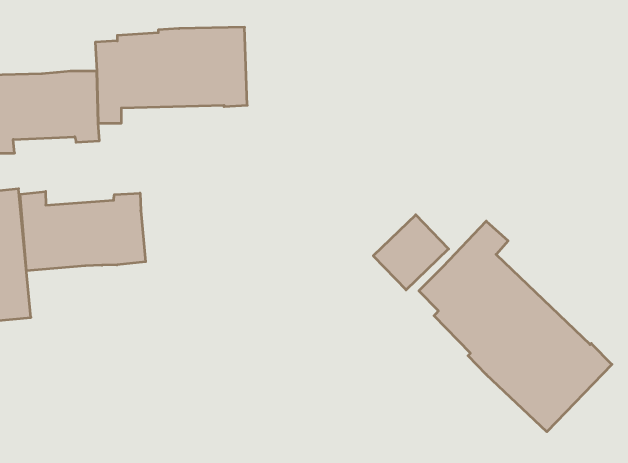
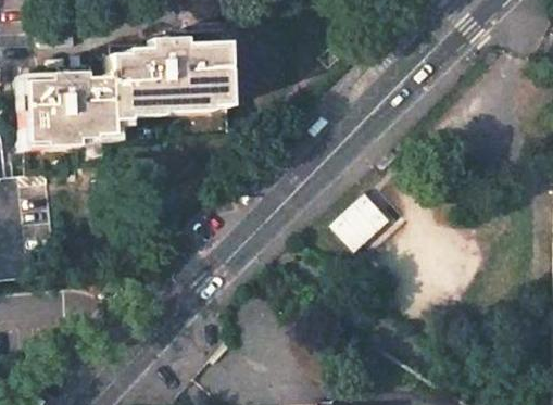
building: [20,191,146,271] -> none
building: [419,221,612,432] -> none

